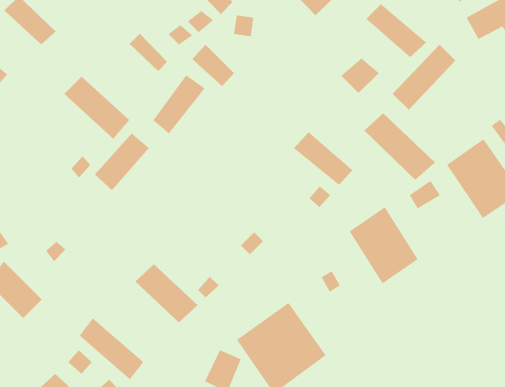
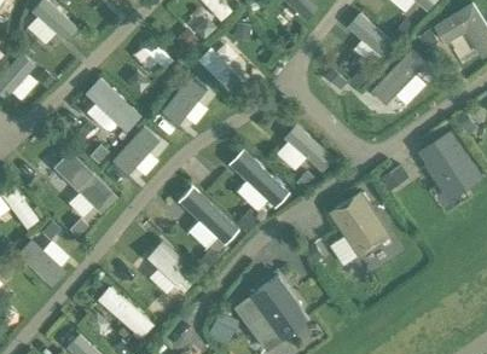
building: [364,112,436,180] -> [227,149,290,208]
building: none -> [54,149,117,214]
building: none -> [180,186,240,244]

